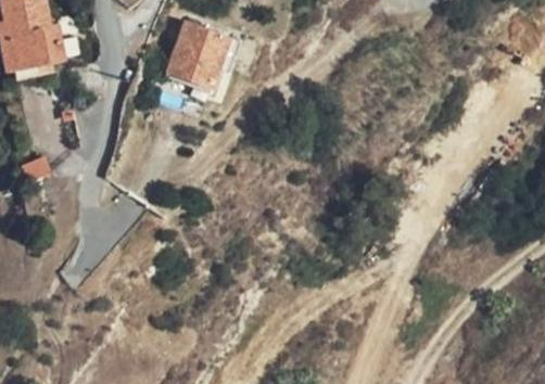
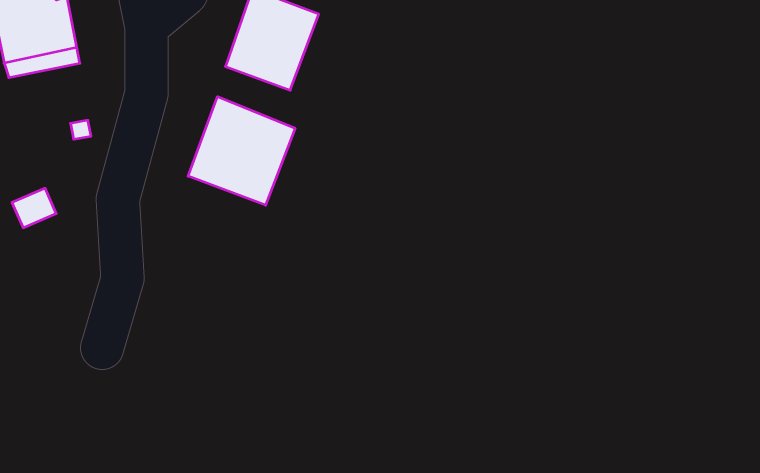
building: none -> [188,97,295,205]

